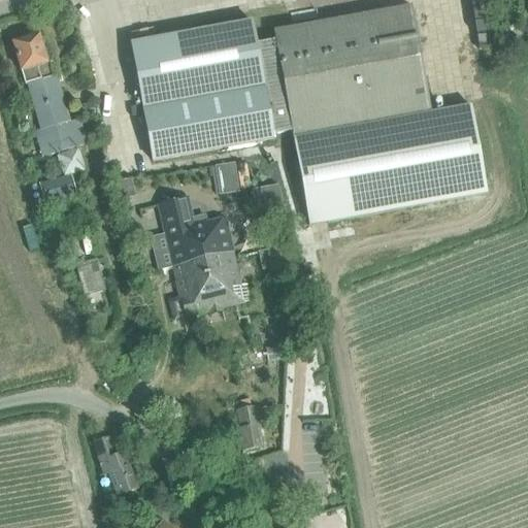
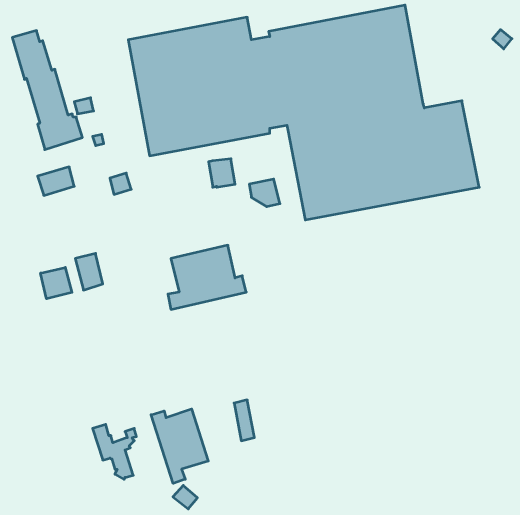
building: [151,195,231,266] -> none
building: none -> [41,267,72,299]
building: none -> [151,409,208,483]

